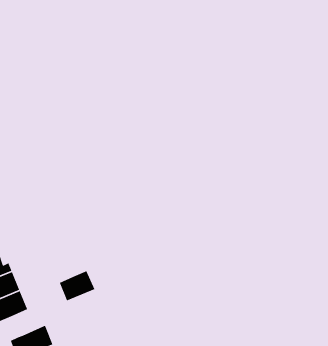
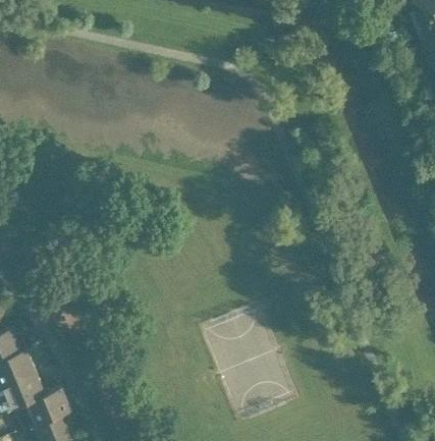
building: [59,270,96,302] -> [29,387,71,424]

